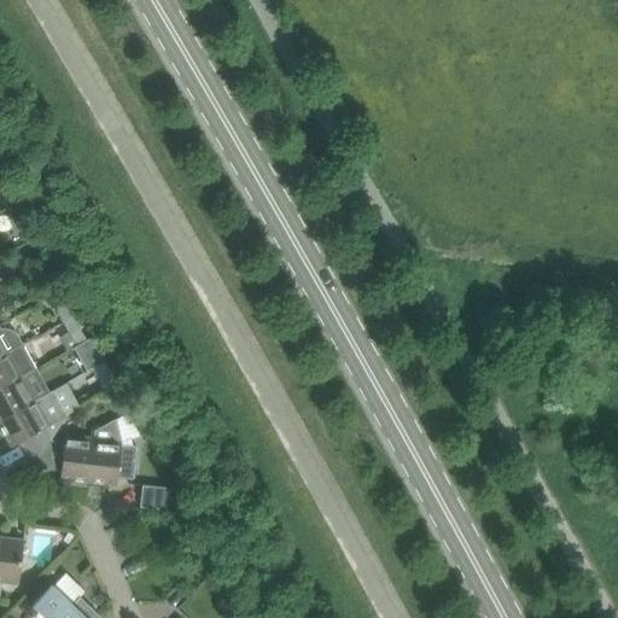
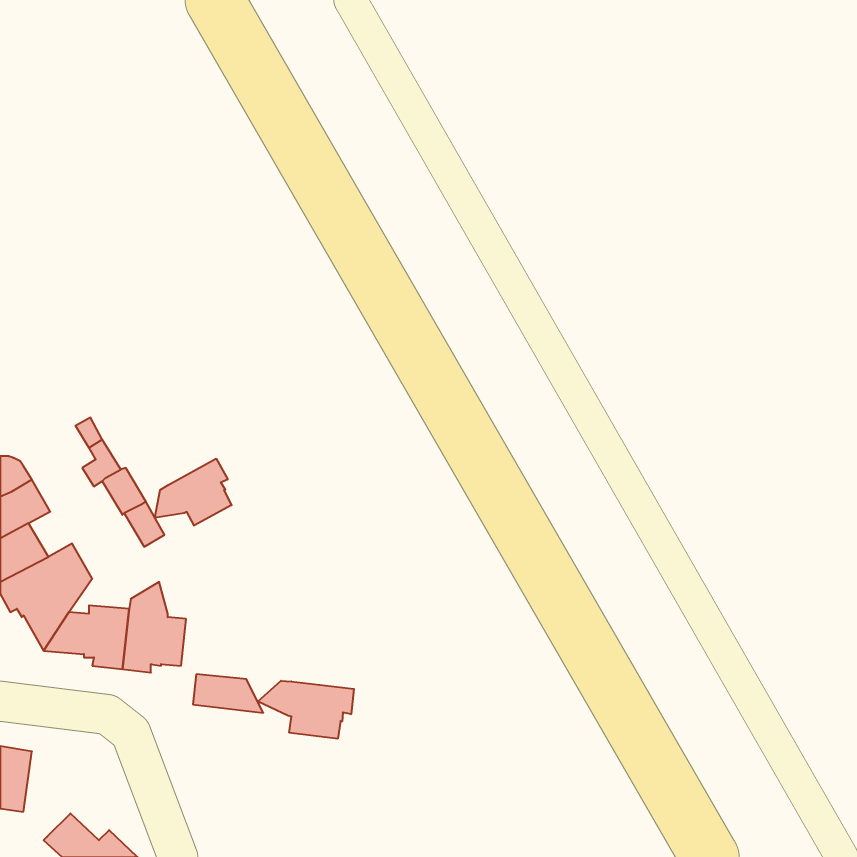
building: none -> [155,459,232,526]
building: none -> [258,681,354,739]

